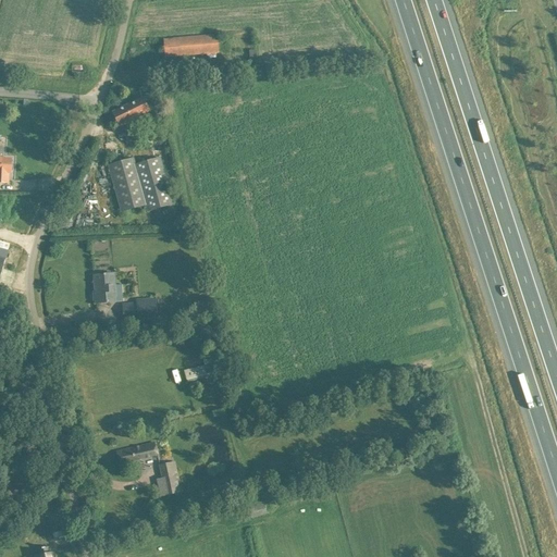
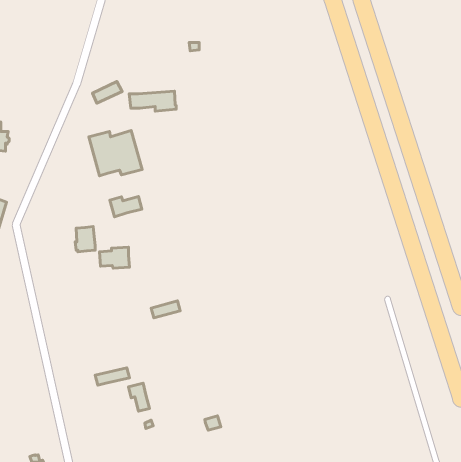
building: [161,35,218,59] -> [129,91,176,111]
building: none -> [110,197,142,217]

